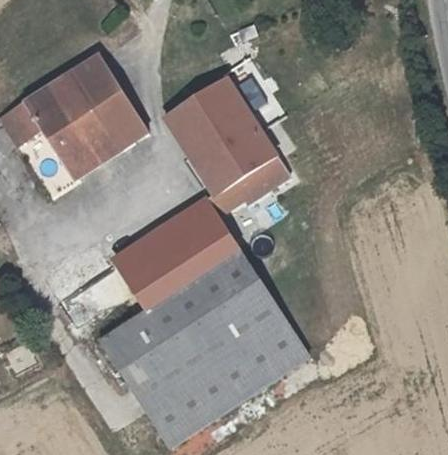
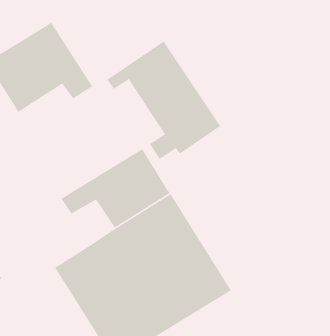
building: [171,123,228,195] -> none
building: [63,128,125,177] -> none
building: [123,259,172,309] -> none

